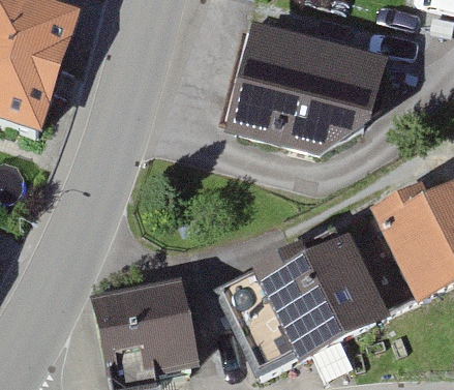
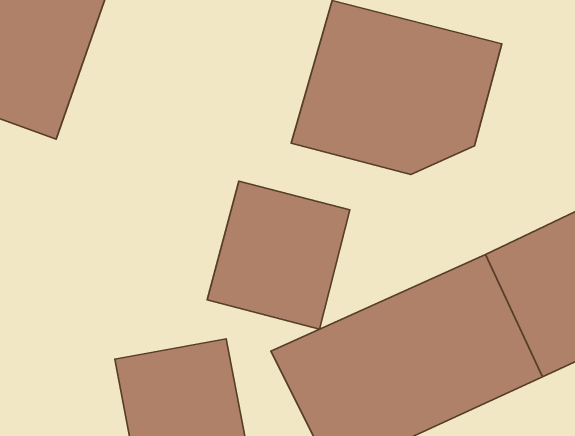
building: none -> [207,181,350,329]

